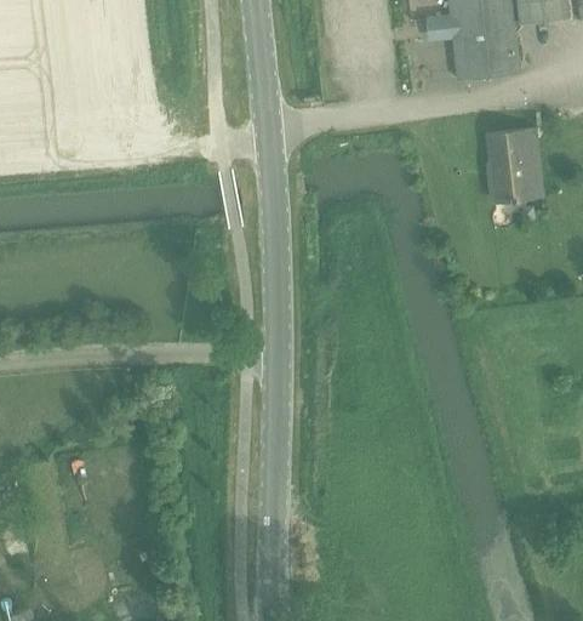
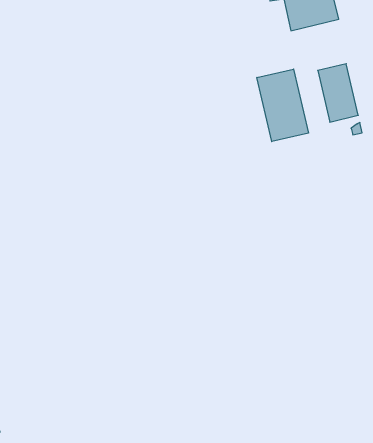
building: none -> [257,69,308,142]

